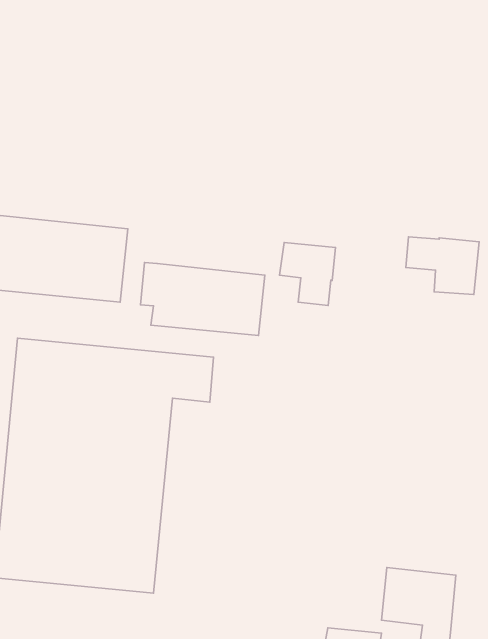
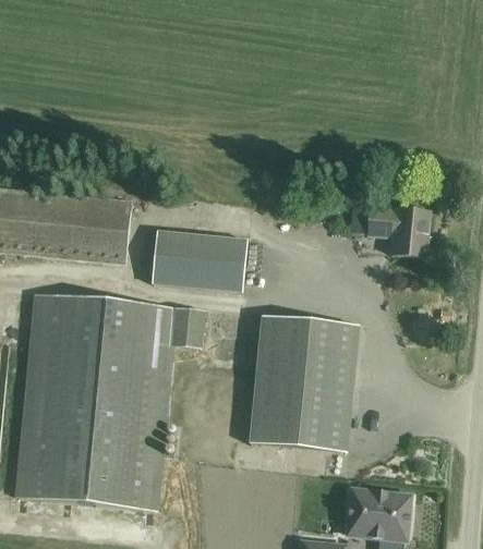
building: [280,243,336,306] -> none
building: none -> [251,316,358,448]

